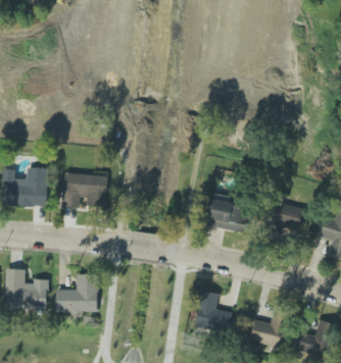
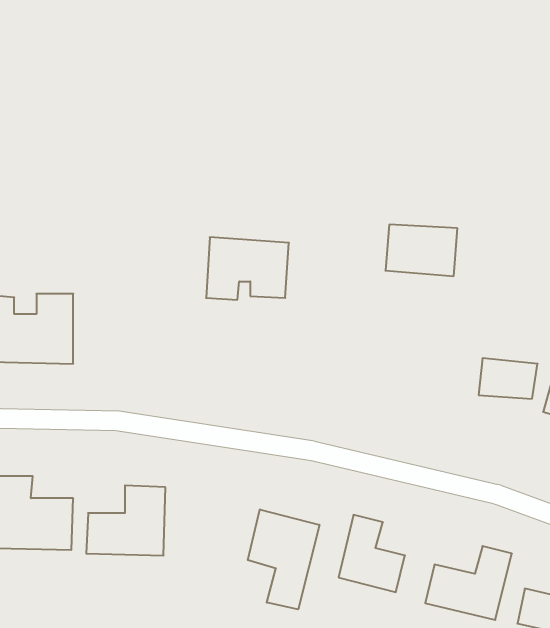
building: [62,173,108,208] -> [206,237,289,300]
building: [209,203,249,231] -> [385,225,457,276]
building: none -> [248,509,319,609]

